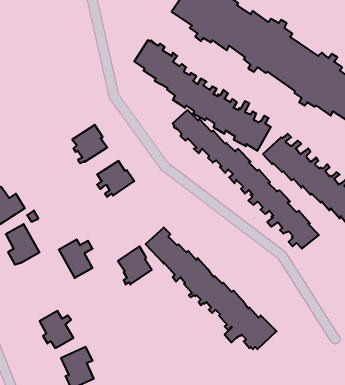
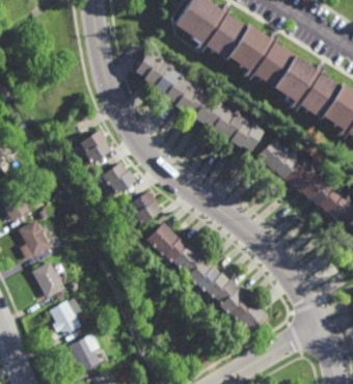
building: [173,110,319,249] -> none
building: [59,240,93,278] -> [33,260,64,296]
building: [118,246,152,285] -> [131,189,162,224]

